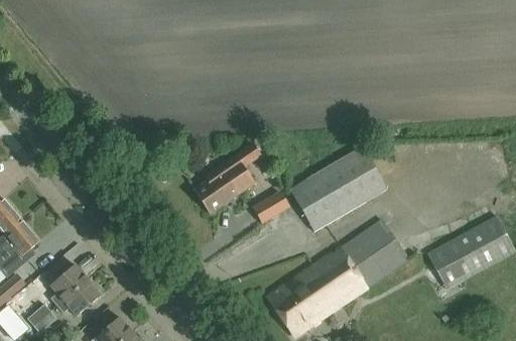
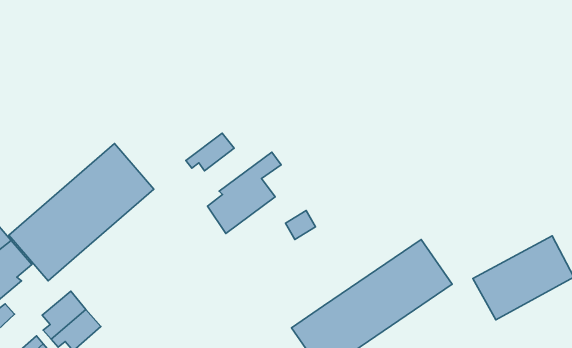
building: none -> [186,133,234,171]
building: none -> [9,143,154,281]
building: [289,146,387,232] -> none

